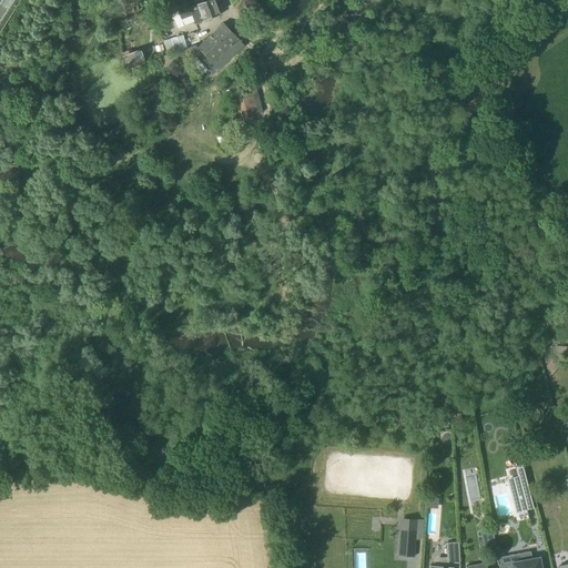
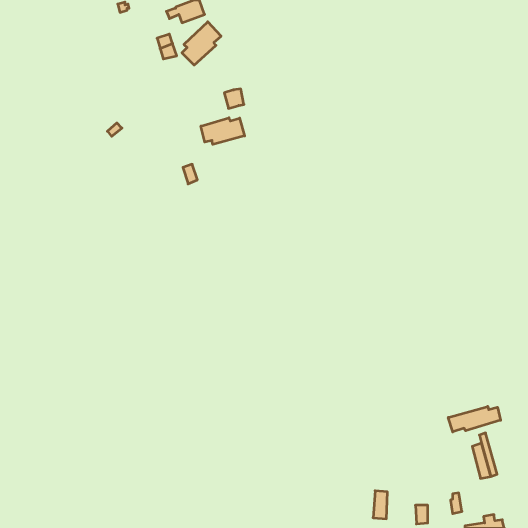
building: none -> [201,118,245,144]
building: none -> [448,406,501,432]

